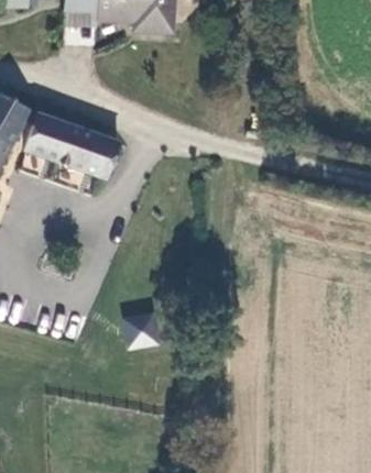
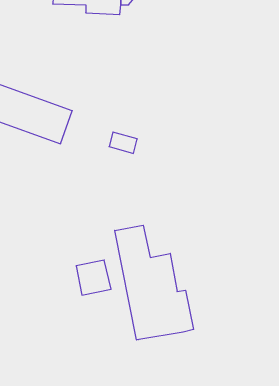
building: none -> [115,225,194,340]

